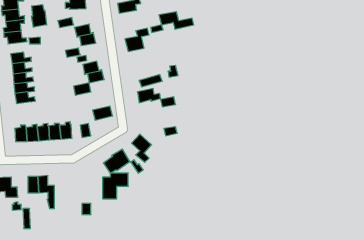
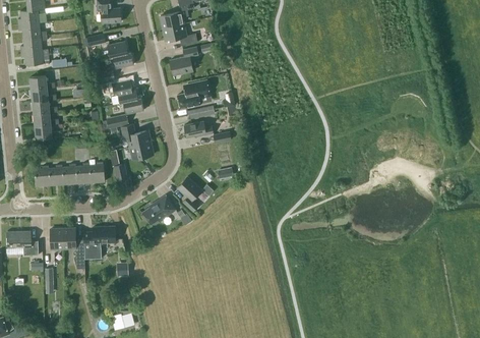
building: [32,5,47,27] -> none
building: [159,12,194,29] -> [162,24,204,46]
building: none -> [177,80,209,109]
building: none -> [120,124,151,148]
building: [103,173,128,199] -> [83,227,115,259]

